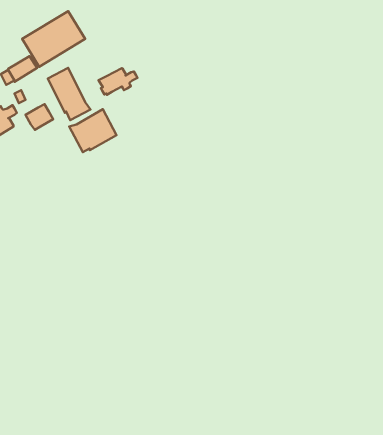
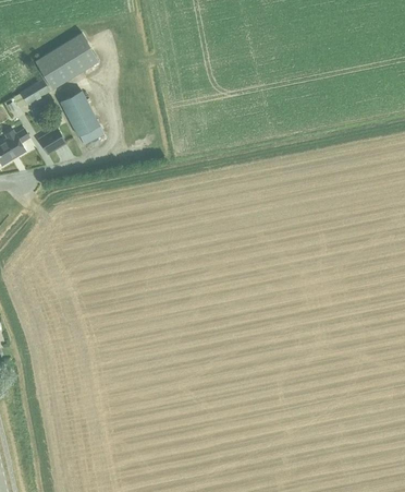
building: [98,68,137,95] -> none
building: [69,109,117,152] -> none

